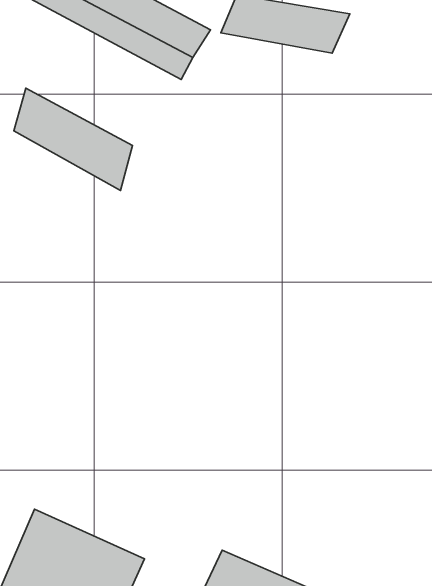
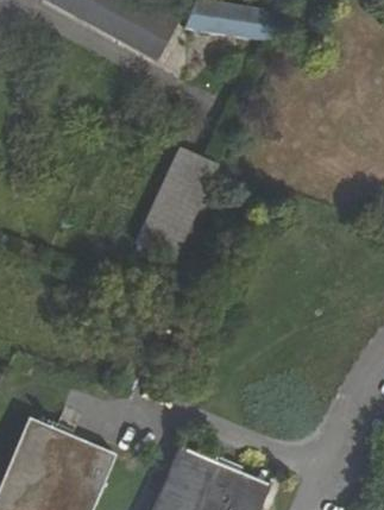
building: [14,88,132,191] -> none
building: none -> [138,146,222,263]

